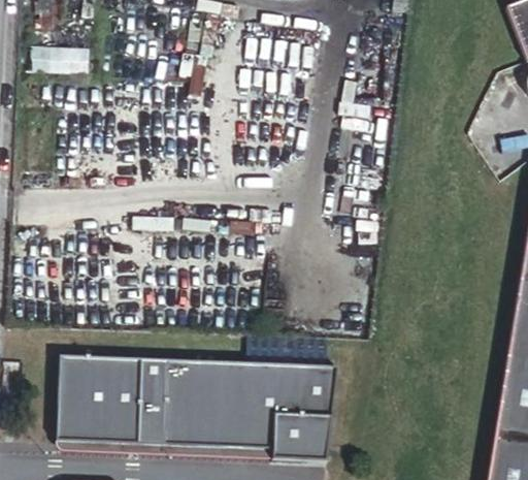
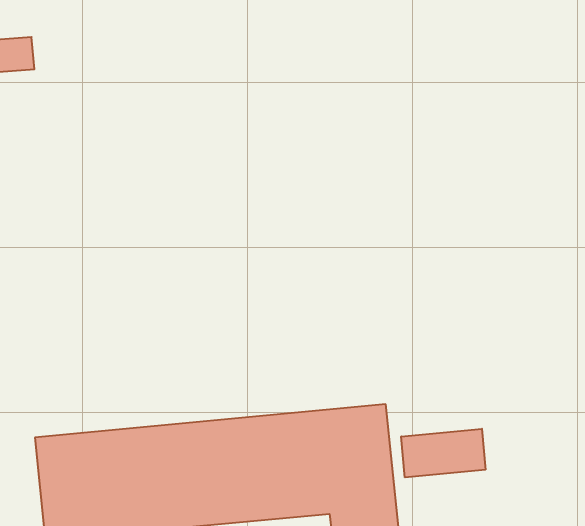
building: none -> [401,429,485,477]

